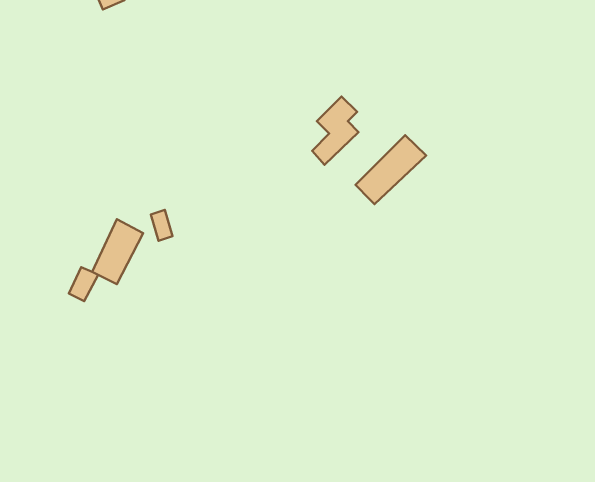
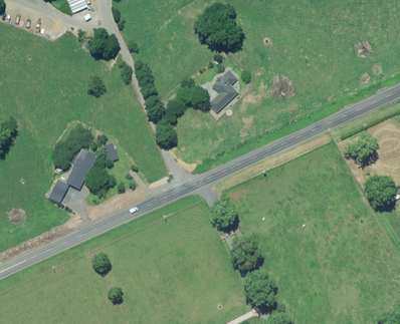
building: [356,135,426,204] -> none

